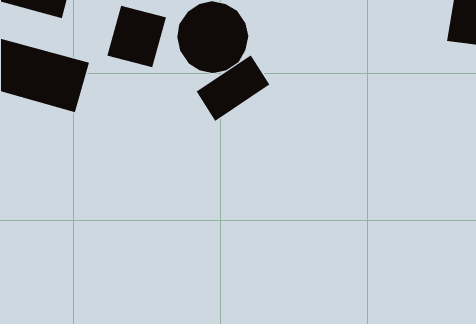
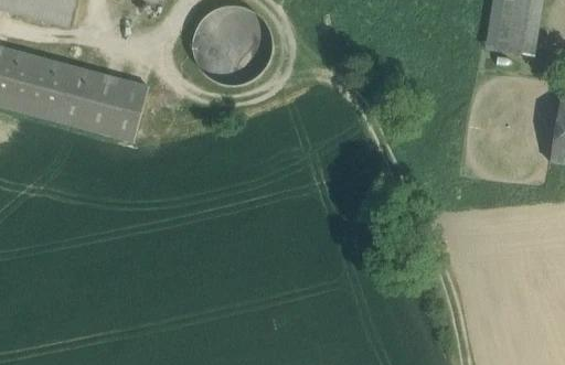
building: [106,5,167,68] -> [83,73,149,141]
building: [196,55,270,122] -> none

